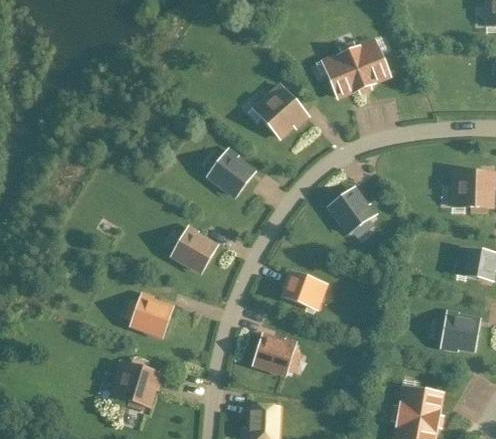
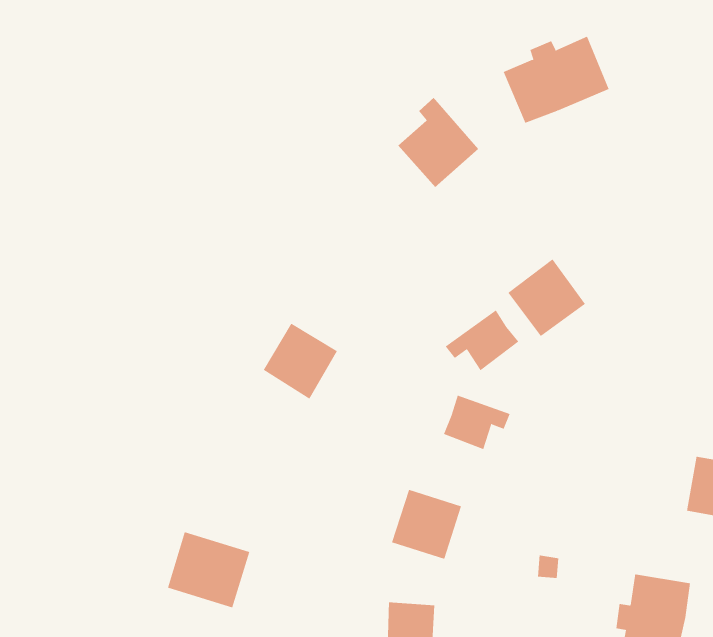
building: [205,148,255,198] -> none
building: none -> [445,310,519,371]
building: [128,292,173,337] -> none

